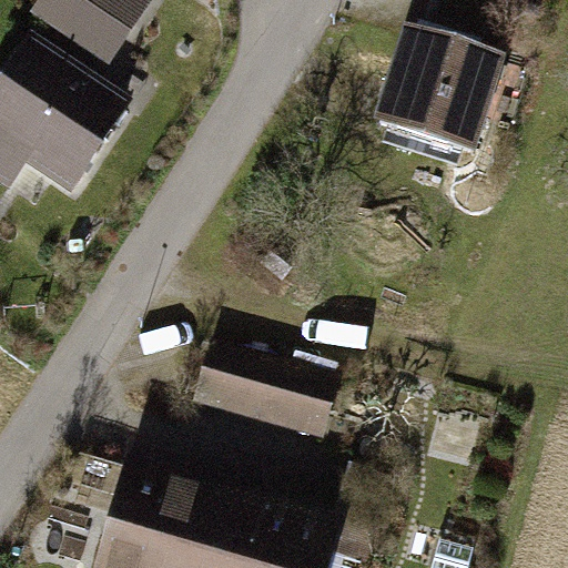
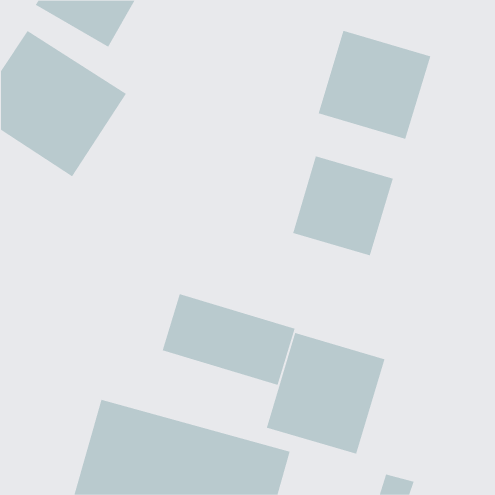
building: none -> [293,156,393,256]
building: none -> [266,332,385,455]

